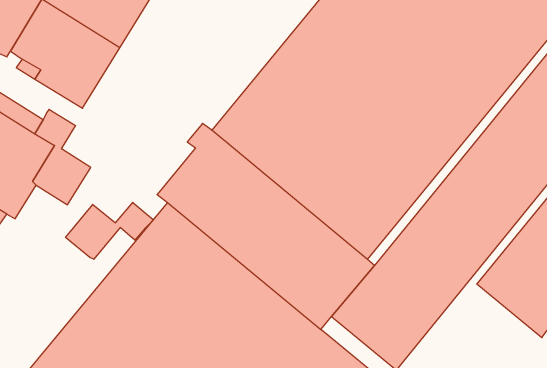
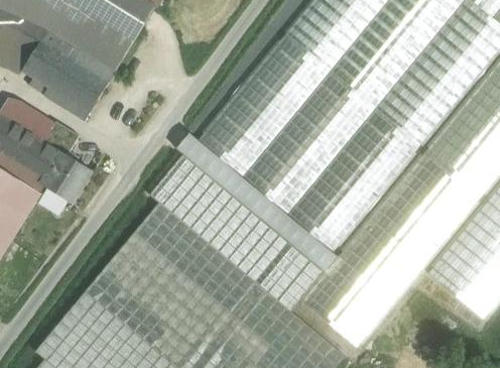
building: [66,202,153,259] -> none

